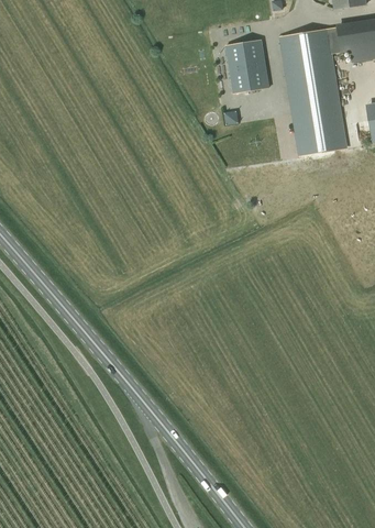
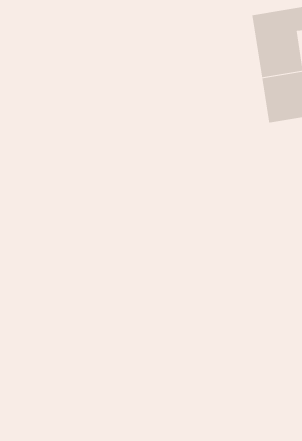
building: [225,38,269,92] -> none

